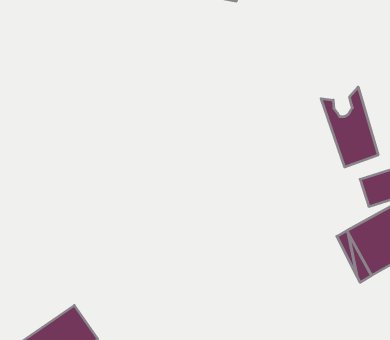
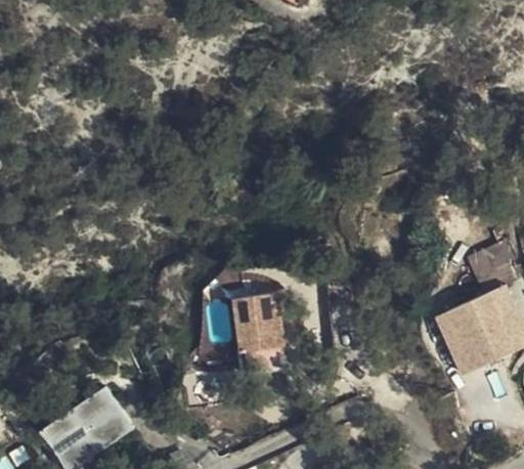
building: [321,87,378,167] -> none
building: none -> [230,288,277,347]

